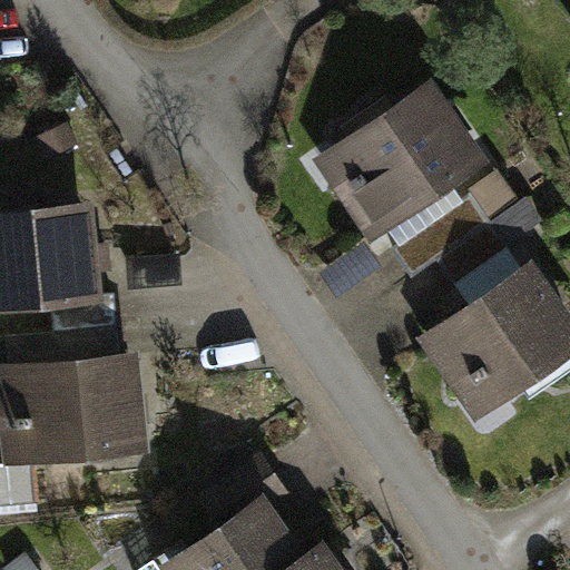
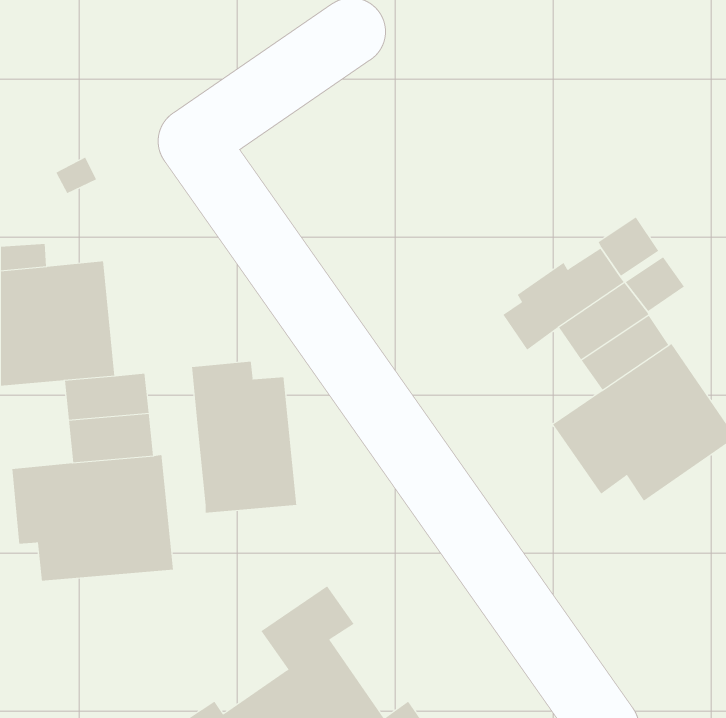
building: [340,95,476,235] -> none
building: none -> [191,361,297,513]

